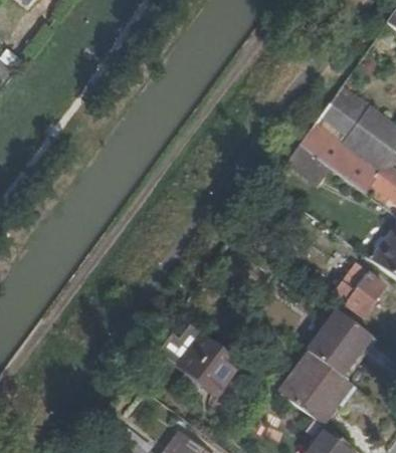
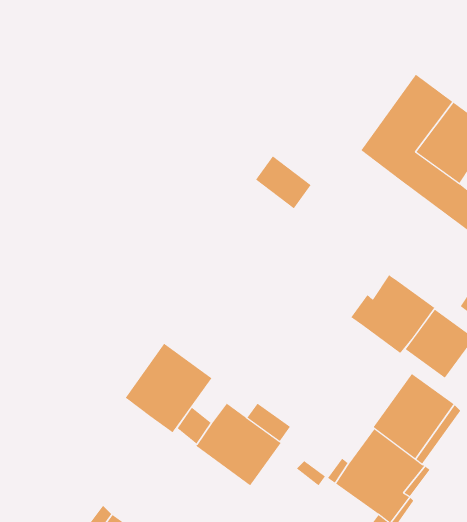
building: [287,145,330,185] -> [255,155,312,209]
building: none -> [351,274,435,354]
building: none -> [125,343,212,433]

